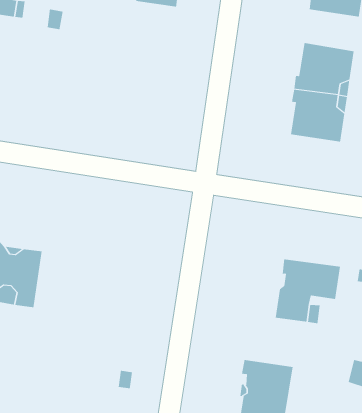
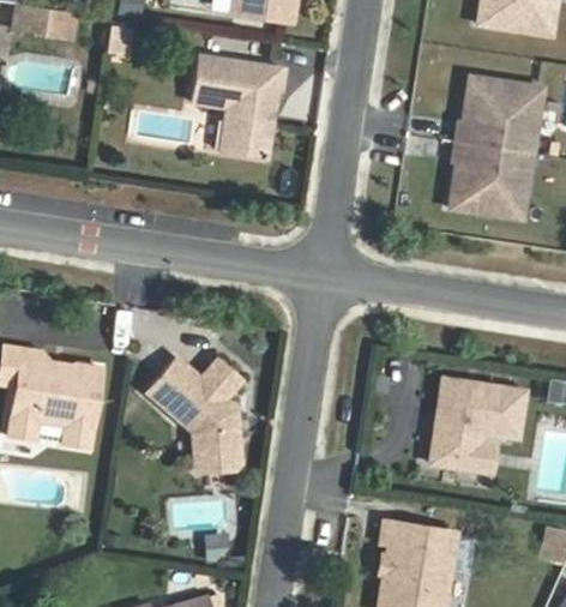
building: none -> [192,55,284,158]
building: none -> [145,357,240,469]

